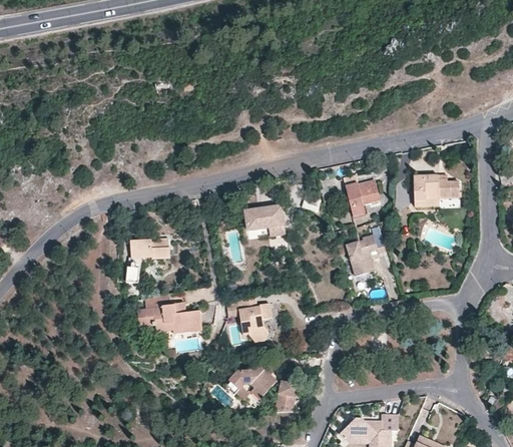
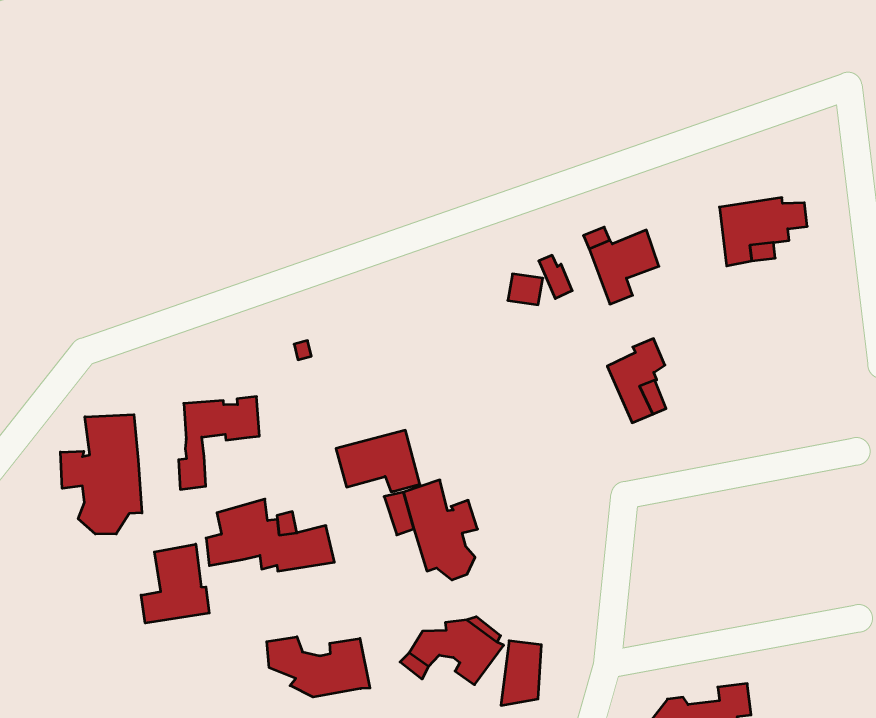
building: [244,205,285,236] -> [336,430,420,492]
building: none -> [60,415,142,534]
building: none -> [141,544,209,623]
building: none -> [267,637,370,697]

